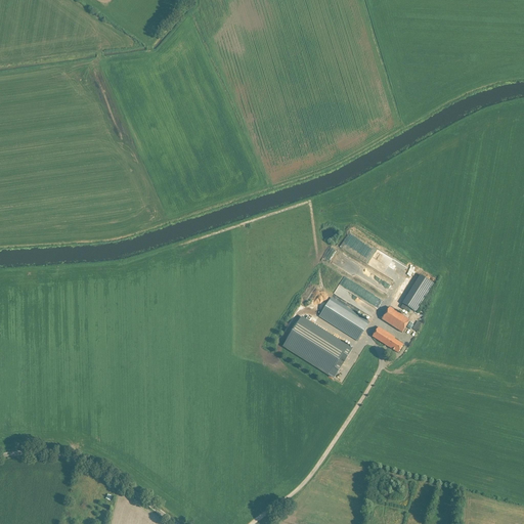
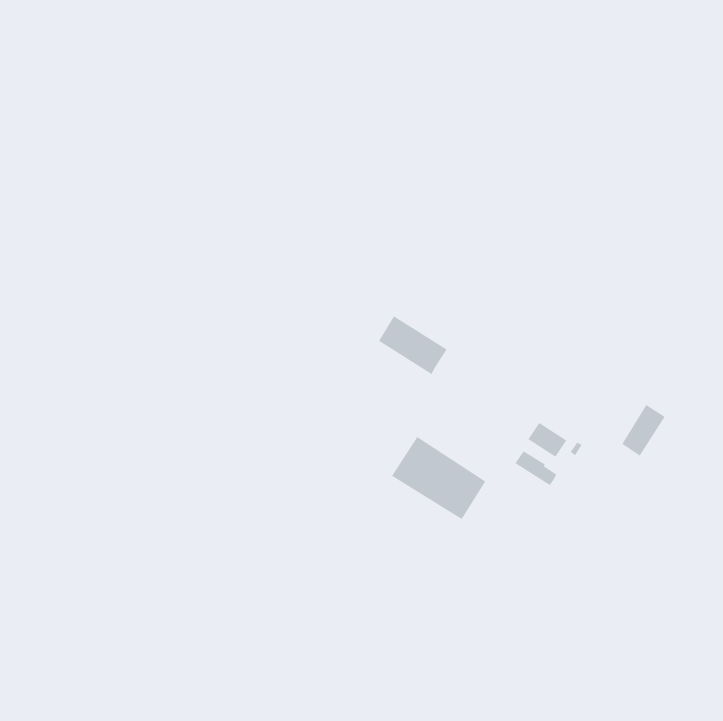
building: [401,272,433,310] -> [622,404,666,456]
building: [318,296,368,339] -> [378,315,448,375]

